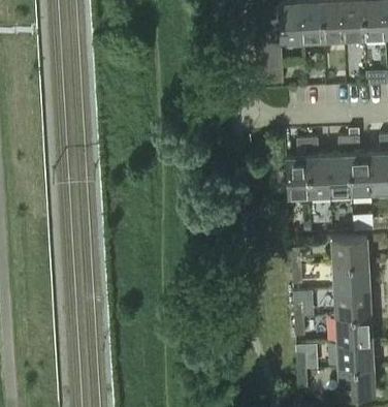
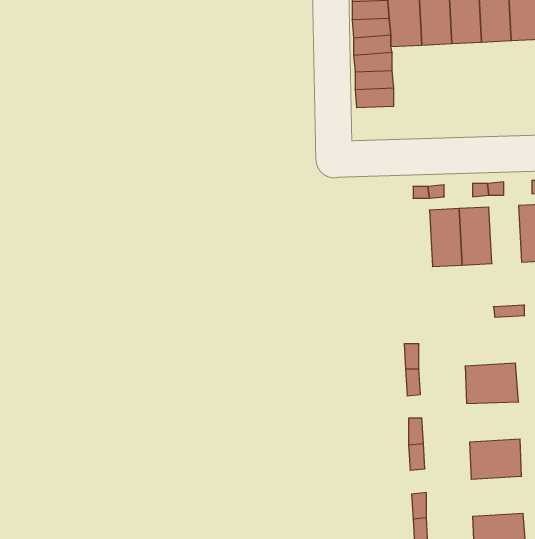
building: [350,155,373,195] -> none
building: [287,158,311,198] -> none
building: [332,238,368,267] -> none
building: [334,291,371,319] -> none
building: [337,343,374,371] -> none

